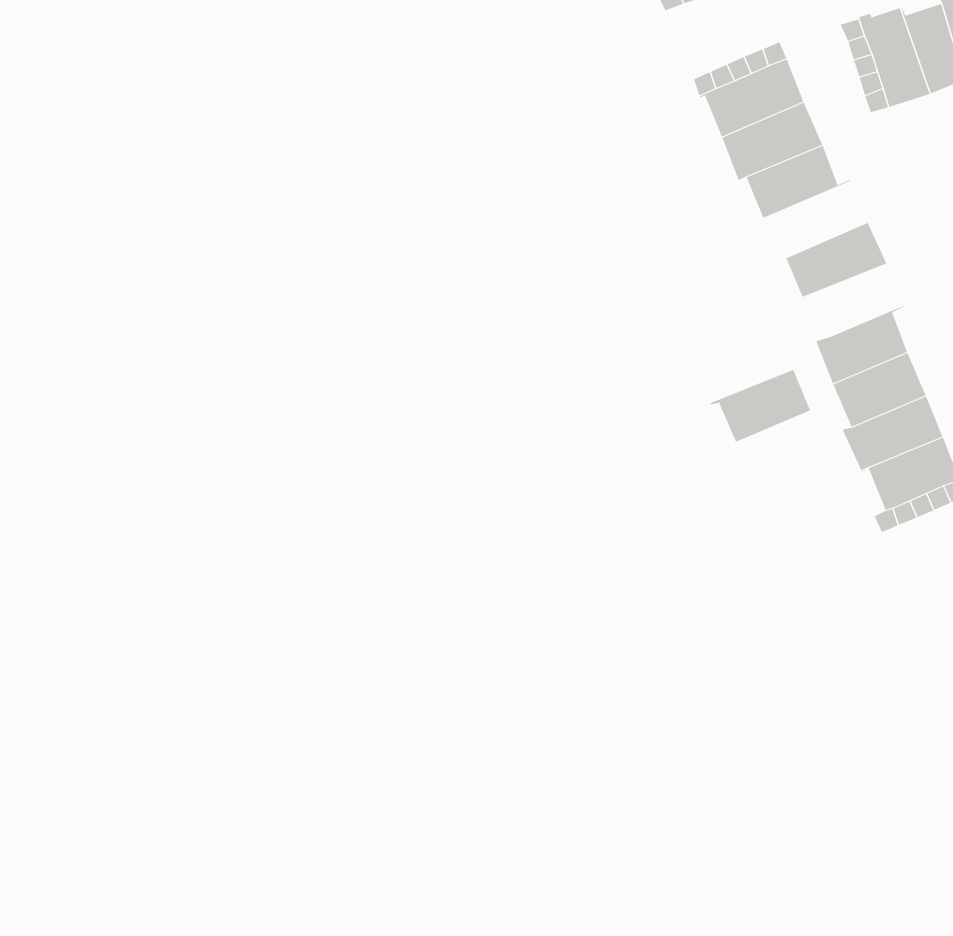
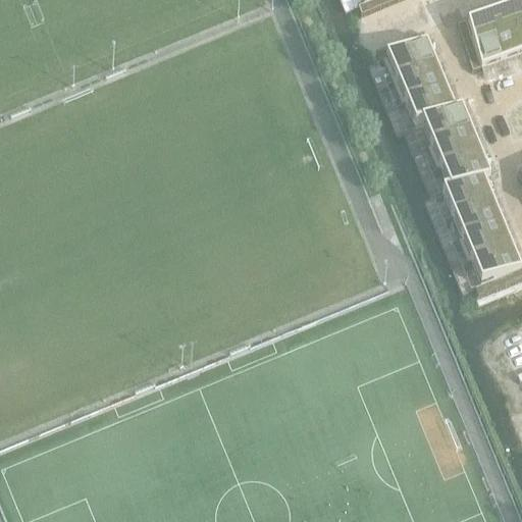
building: none -> [418,98,475,140]
building: [709,369,811,443] -> [439,143,494,182]

